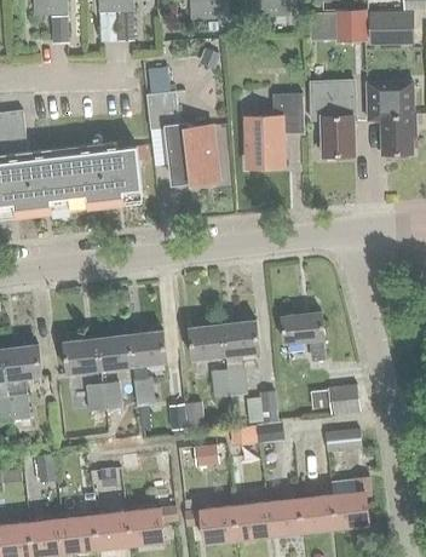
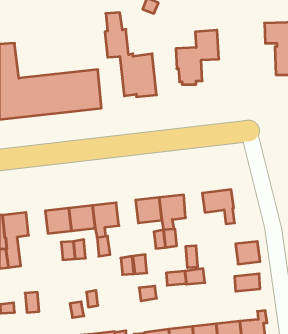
building: [309,81,353,156] -> none

